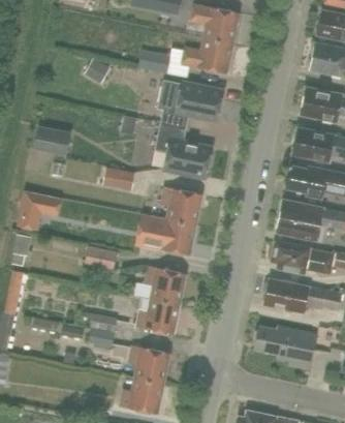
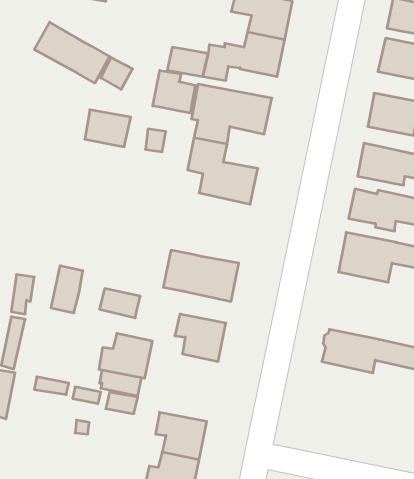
building: none -> [34,22,110,83]
building: none -> [153,70,195,113]
building: [34,125,71,155] -> [85,110,131,147]
building: [102,167,135,191] -> none
building: [161,186,202,224] -> none
building: [17,191,42,230] -> [51,266,83,313]
building: [272,241,334,274] -> none
building: [136,298,180,334] -> [99,333,152,378]
building: [254,325,318,369] -> none

